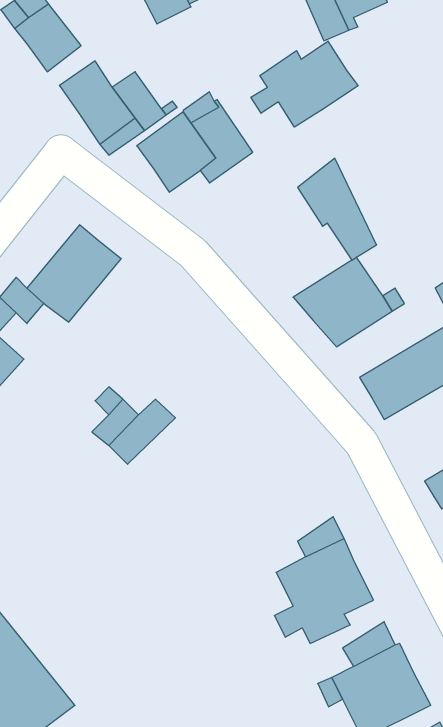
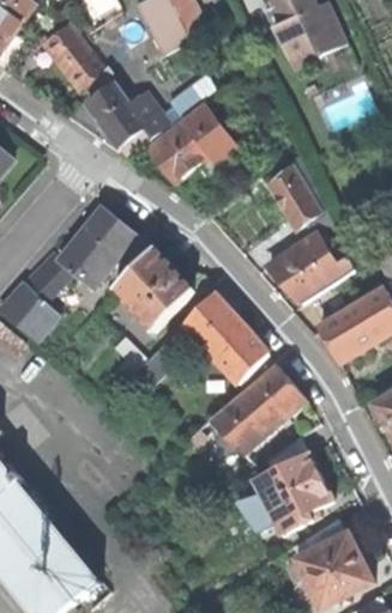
building: [251,41,358,127] -> none
building: none -> [111,248,193,329]
building: none -> [182,295,267,381]
building: none -> [211,363,304,454]

